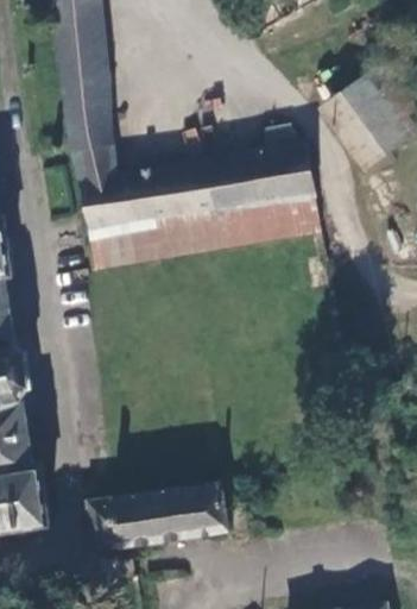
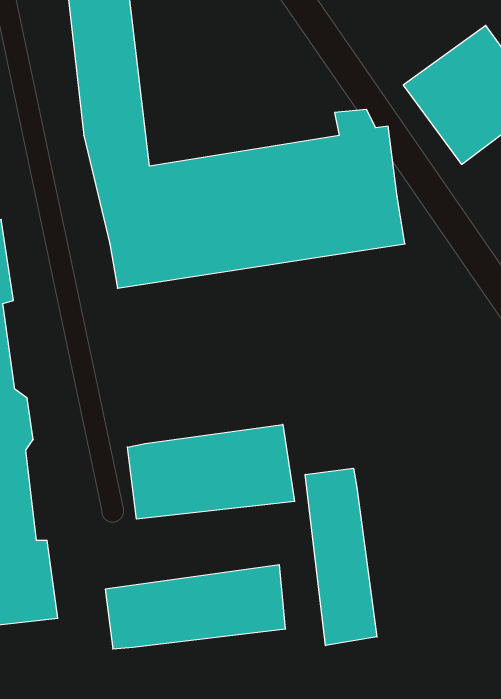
building: none -> [127,424,295,519]
building: none -> [305,468,377,646]

